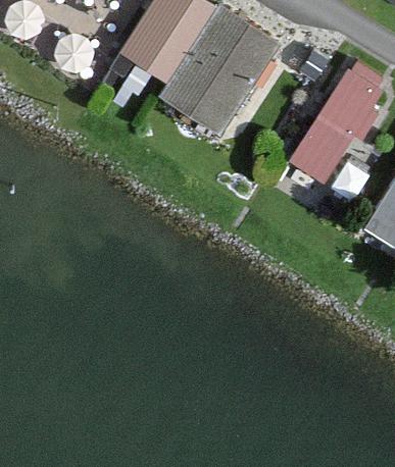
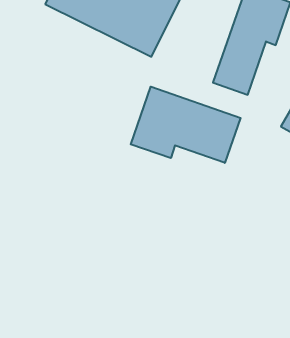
building: none -> [131,87,241,163]

